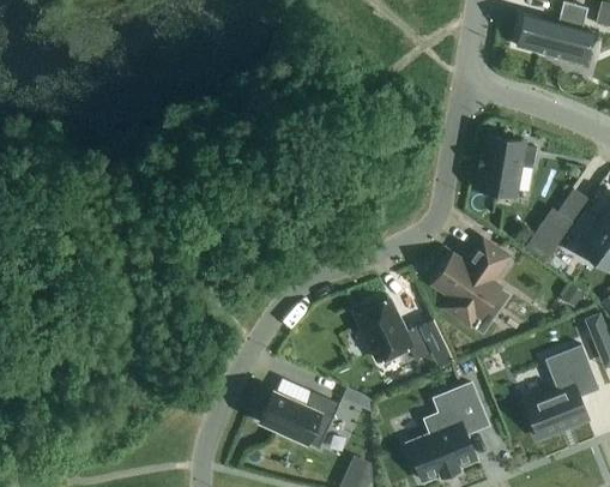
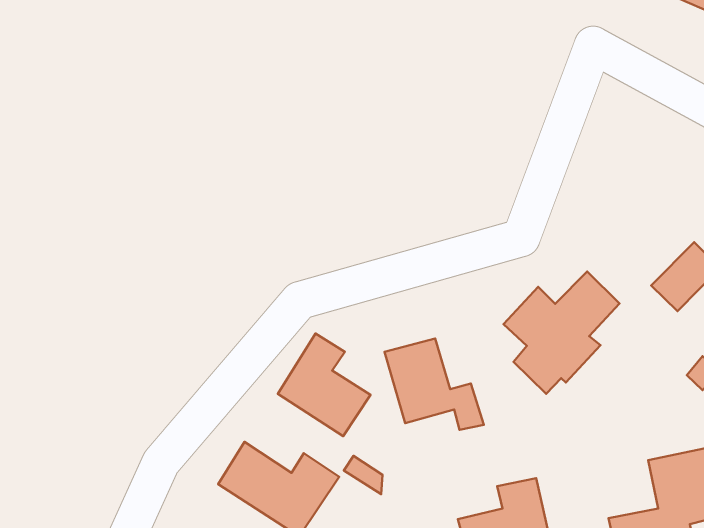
building: [478,138,536,196] -> none
building: none -> [278,333,370,436]

